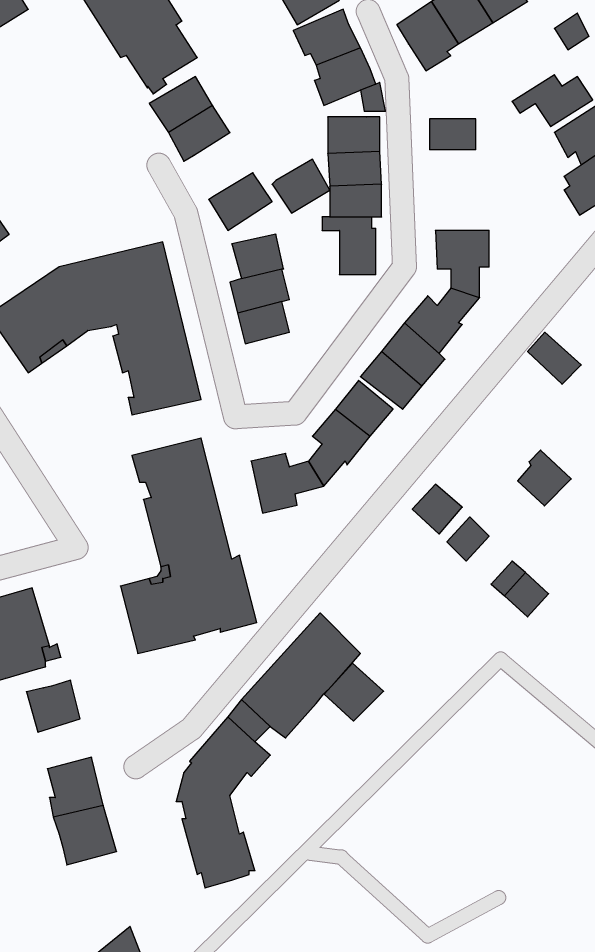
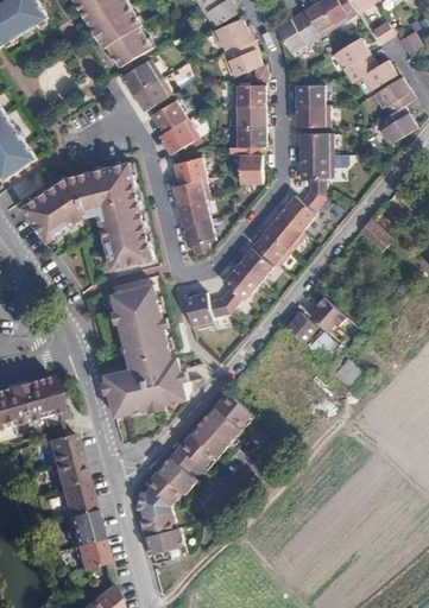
building: none -> [334,37,373,75]
building: none -> [296,104,329,127]
building: [272,159,330,213] -> [151,100,187,133]
building: none -> [299,133,333,154]
building: none -> [182,217,215,253]
building: [518,450,571,506] -> [309,297,342,331]
building: [324,663,384,721] -> none
building: none -> [53,456,87,487]
building: none -> [71,538,108,570]

